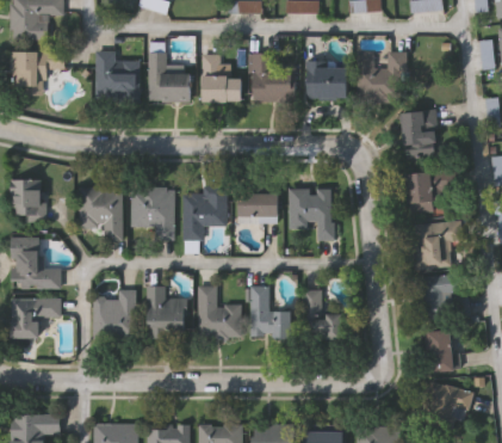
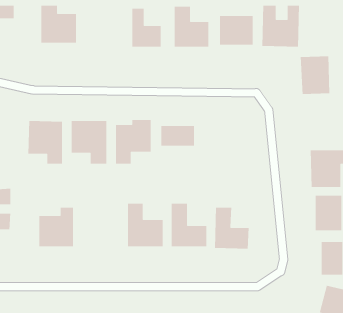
building: [148,51,191,101] -> none
building: [403,173,447,209] -> none
building: [289,189,335,240] -> none
building: [147,287,186,338] -> none

